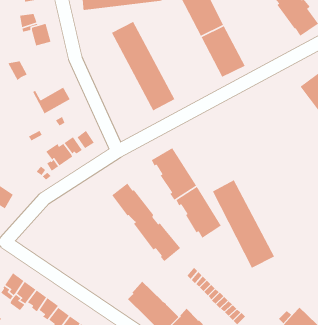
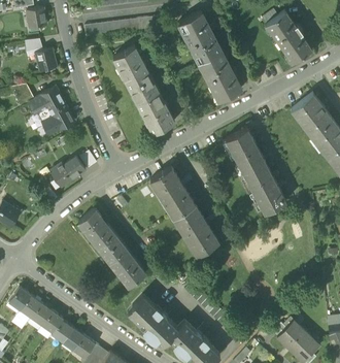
building: none -> [28,87,67,122]
building: [212,179,275,269] -> [226,128,286,213]
building: [111,182,181,262] -> [78,209,145,286]

